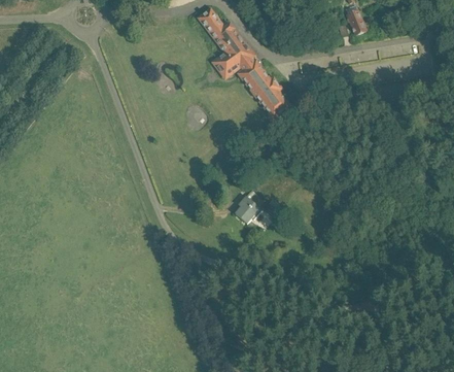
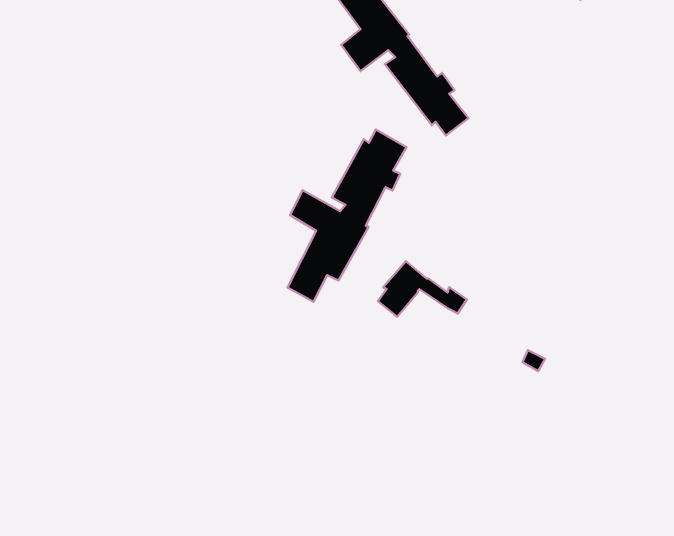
building: none -> [288,129,406,302]

